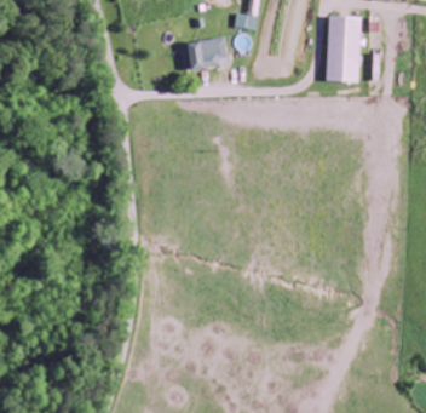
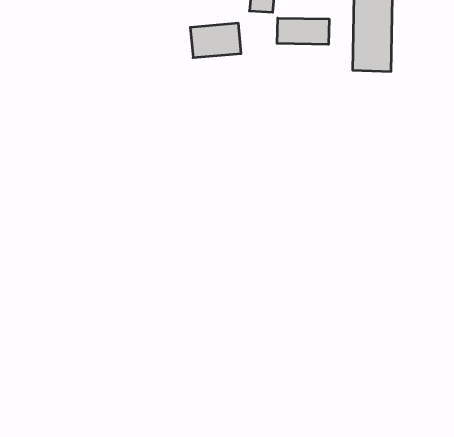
building: none -> [277,18,329,44]

